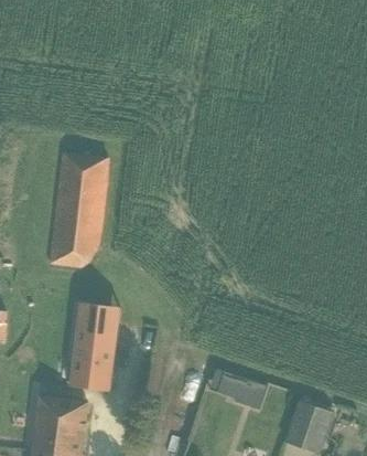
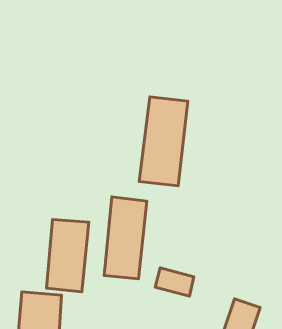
building: [51,155,111,266] -> [139,97,188,186]
building: none -> [104,197,147,279]

